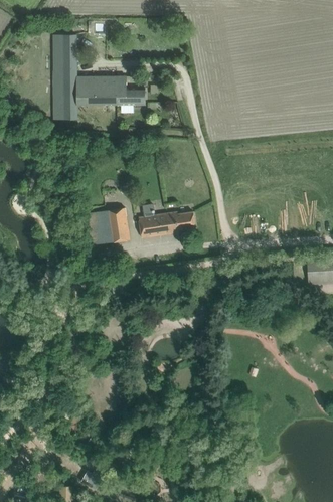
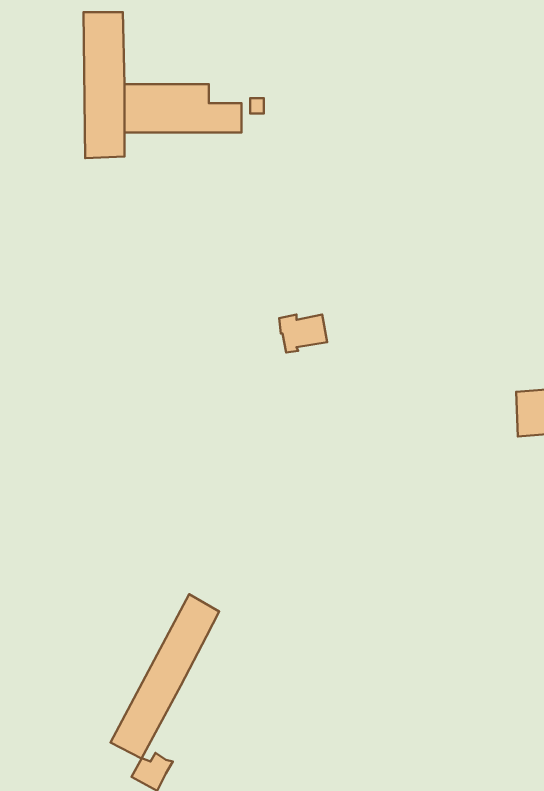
building: [86,207,129,244] -> none
building: [138,213,171,237] -> none
building: none -> [111,594,219,758]

